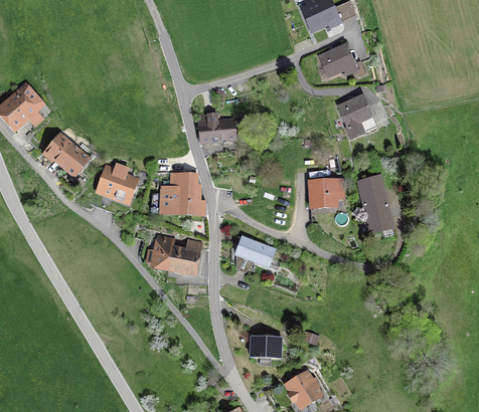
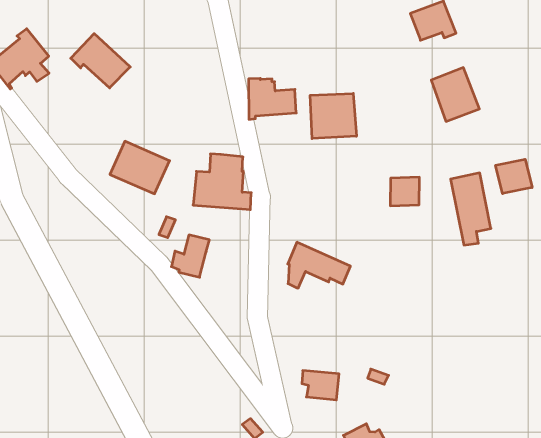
building: none -> [310,93,356,139]
building: [42,134,89,175] -> [71,34,130,88]
building: none -> [496,159,532,194]
building: [168,239,201,272] -> none

